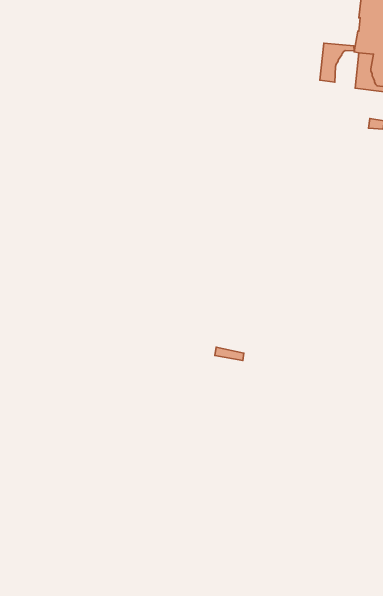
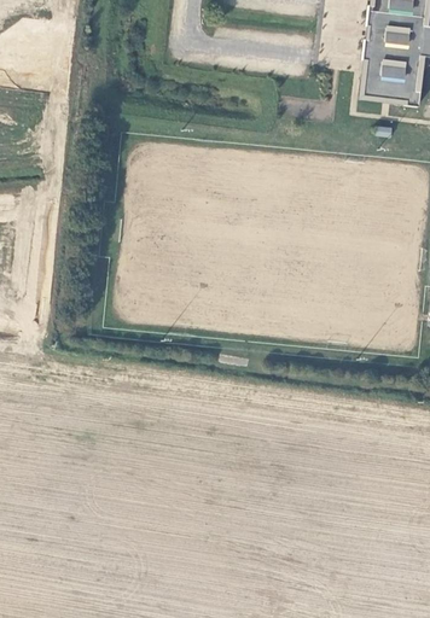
building: [320,43,354,82] -> none

